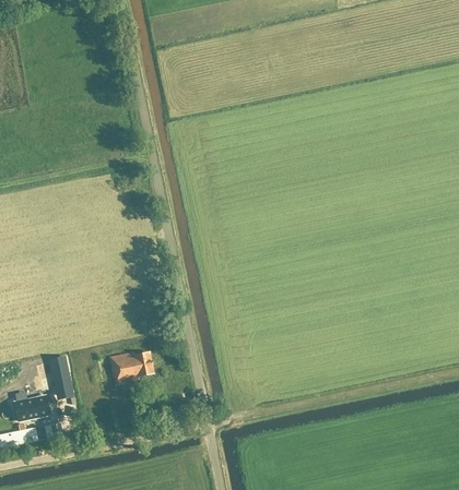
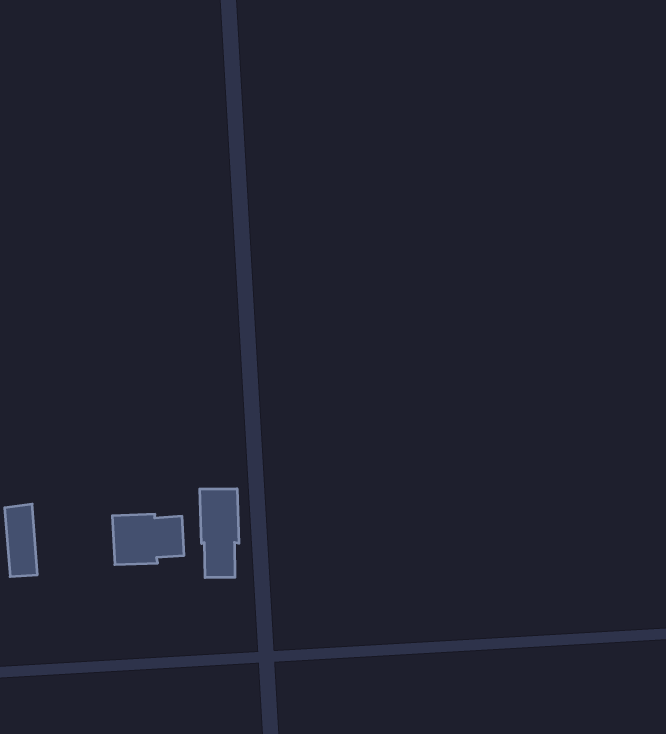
building: none -> [200,489,239,578]

